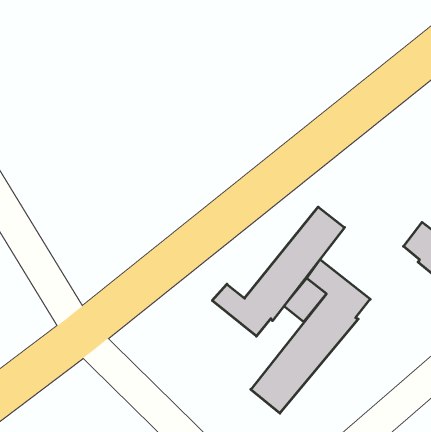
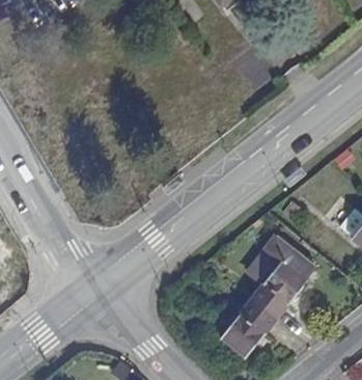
building: [212,207,345,336] -> none

